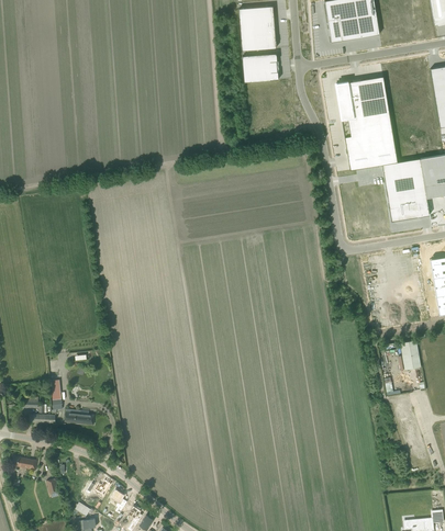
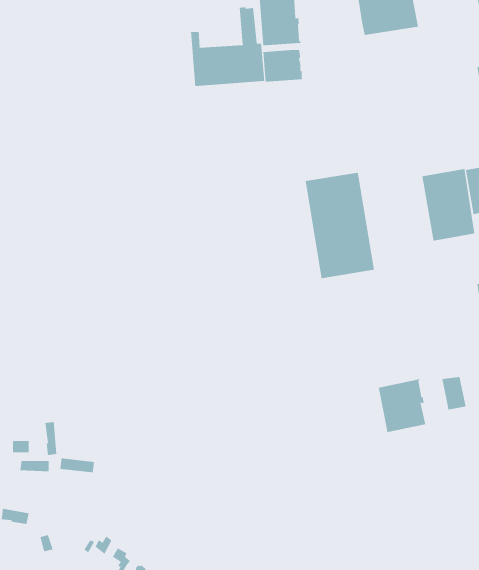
building: none -> [190,7,265,87]
building: [335,77,397,170] -> [305,172,375,279]
building: none -> [378,378,426,433]

